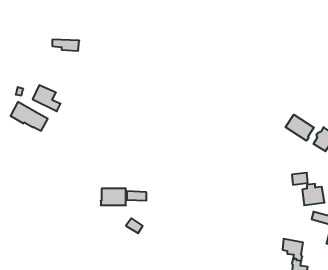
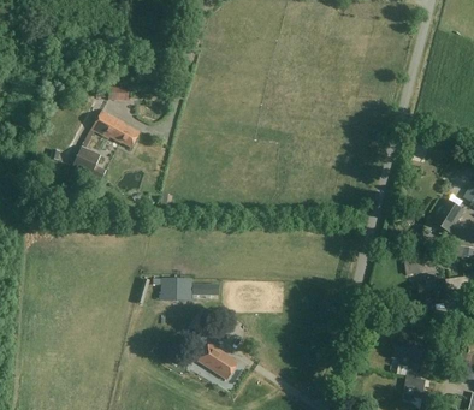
building: [10,102,48,131] -> [91,109,140,147]
building: [286,115,314,141] -> none
building: none -> [197,340,238,379]

